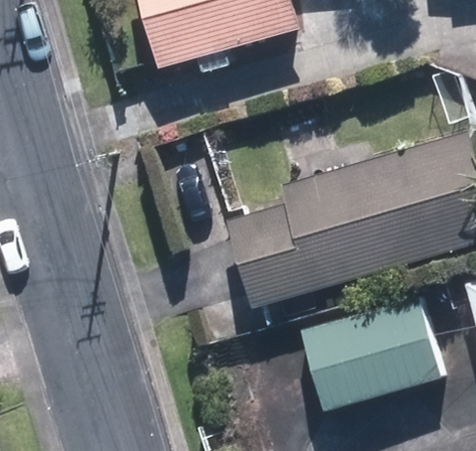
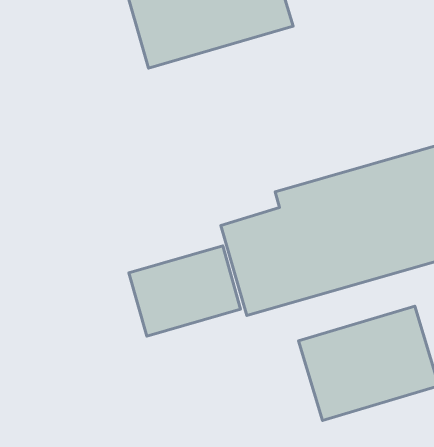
building: none -> [129,246,241,336]

